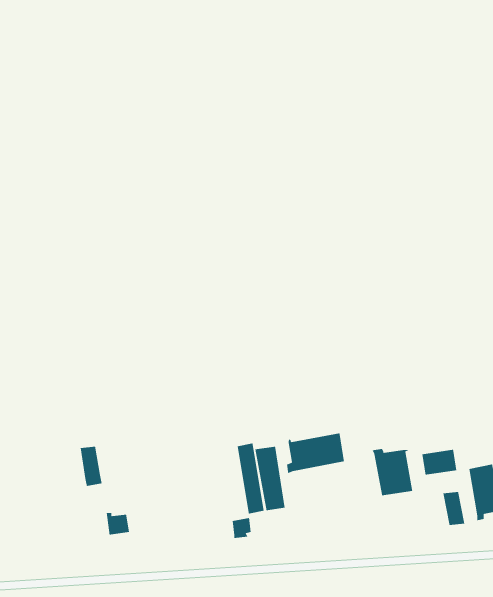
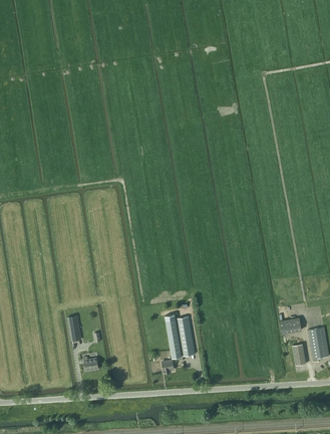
building: [286,433,345,474] -> none
building: [372,448,413,496] -> none

